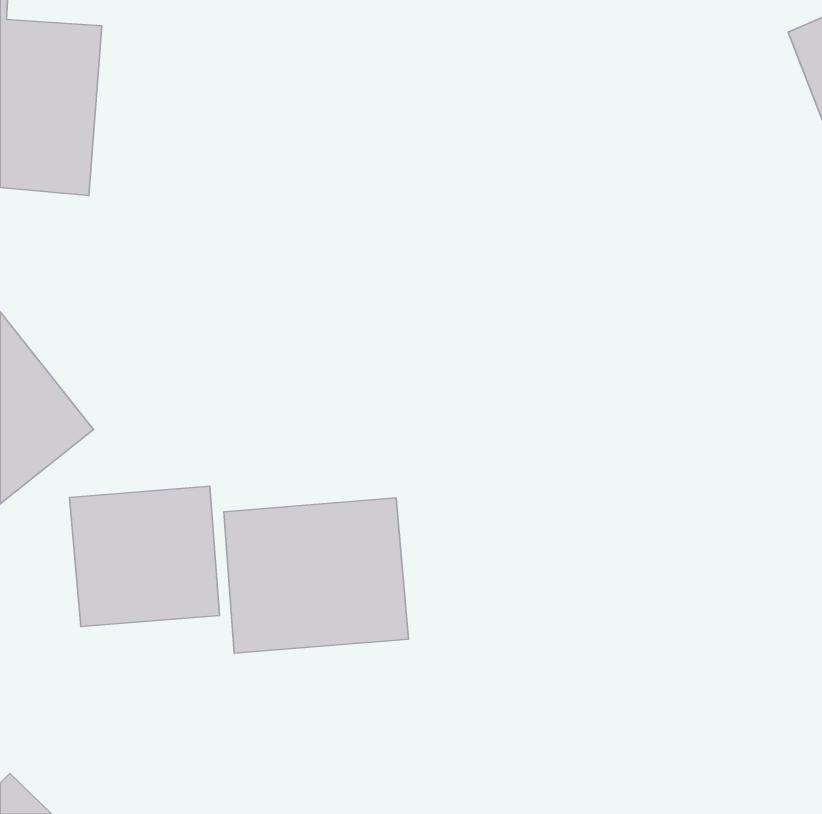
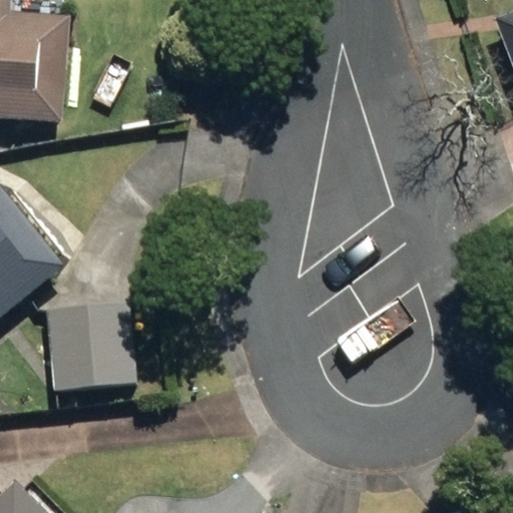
building: [224,498,408,653] -> none

